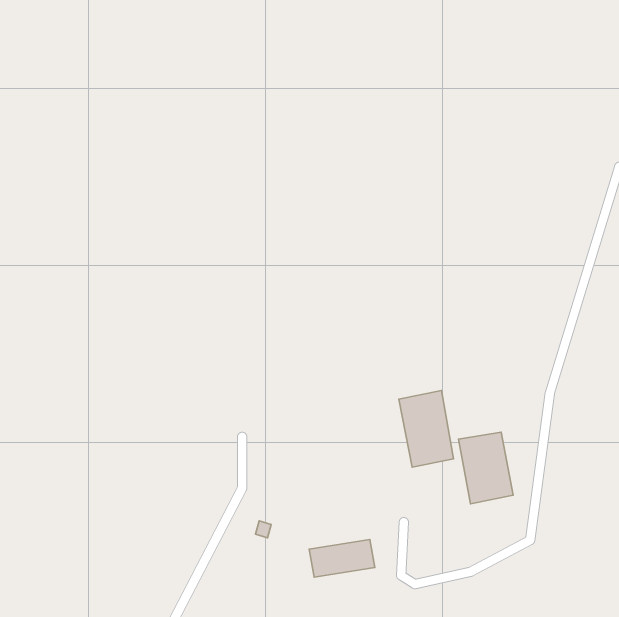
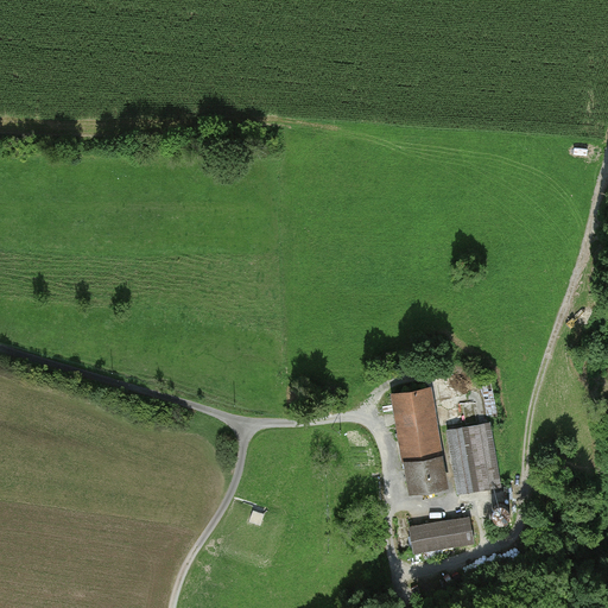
building: none -> [403,452,450,495]
building: [309,540,375,577] -> [408,517,473,553]

